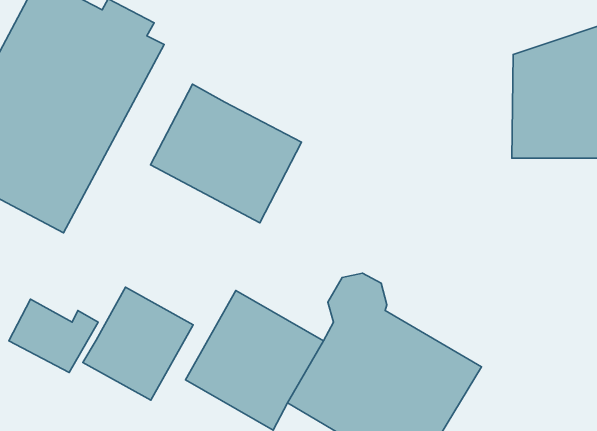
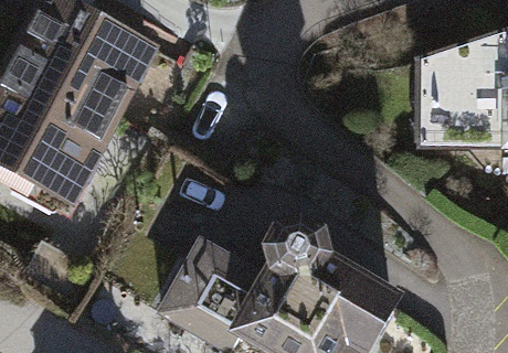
building: [151,84,302,223] -> none
building: [83,287,193,400] -> none

